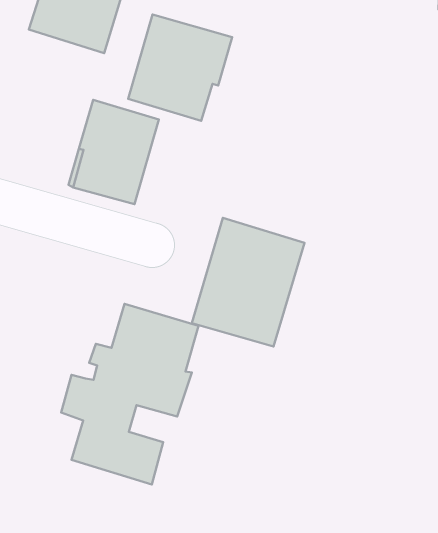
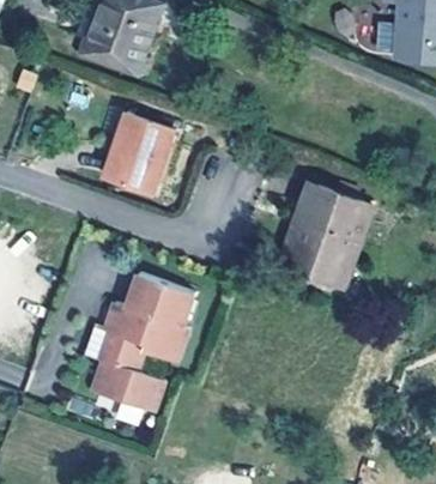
building: [128,14,232,121] -> none
building: [192,218,305,346] -> [280,184,371,286]

